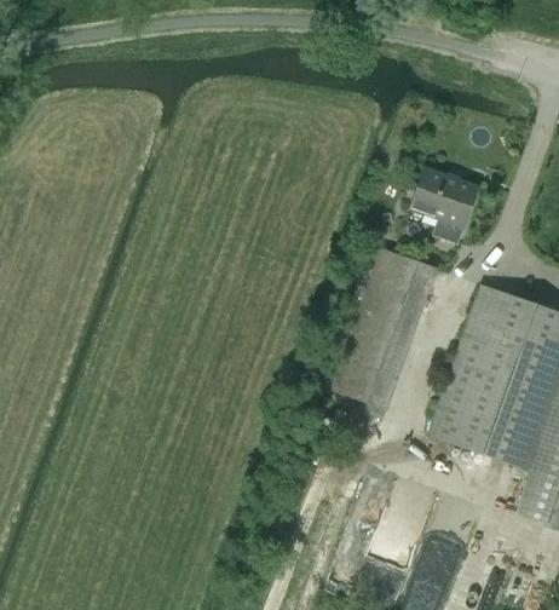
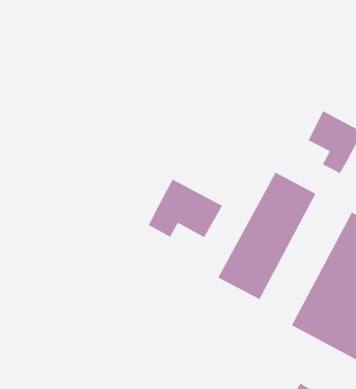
building: none -> [148,178,223,238]

